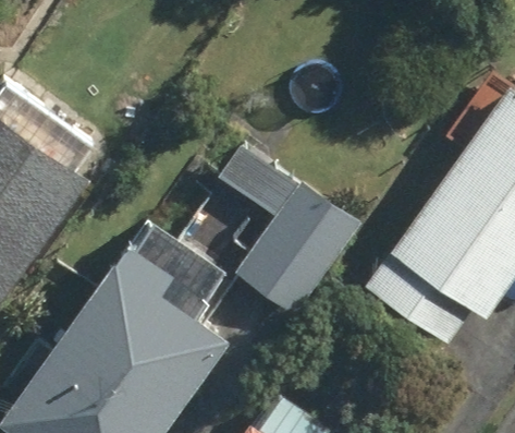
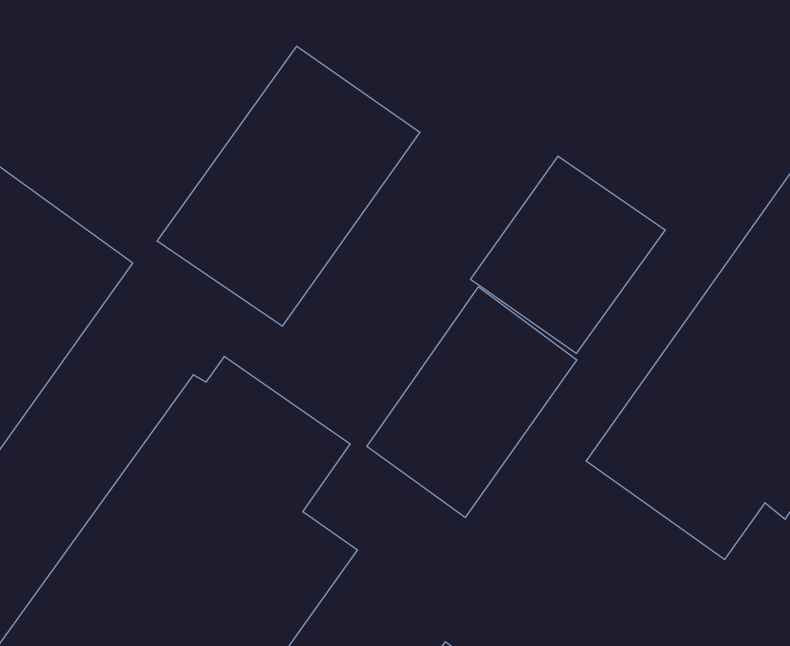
building: none -> [157,46,420,326]
building: none -> [471,156,665,353]

